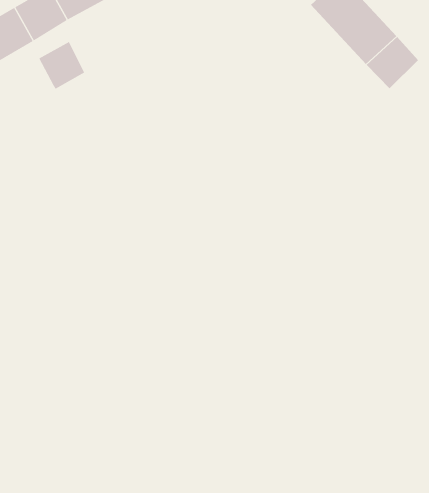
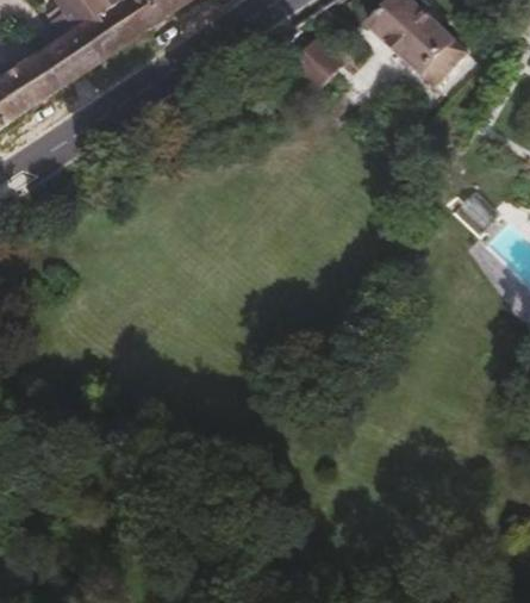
building: none -> [295,39,345,89]
building: [39,41,85,90] -> none

